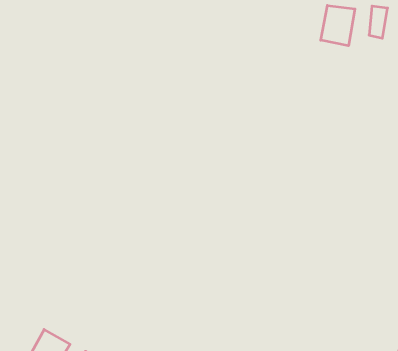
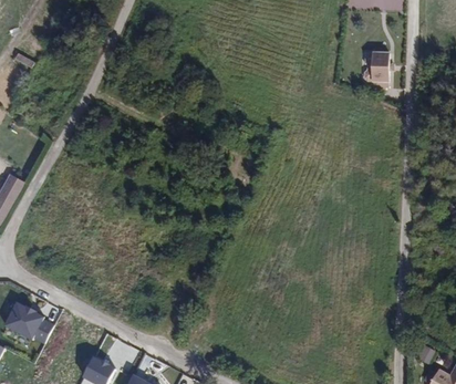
building: [321,5,355,46] -> none

